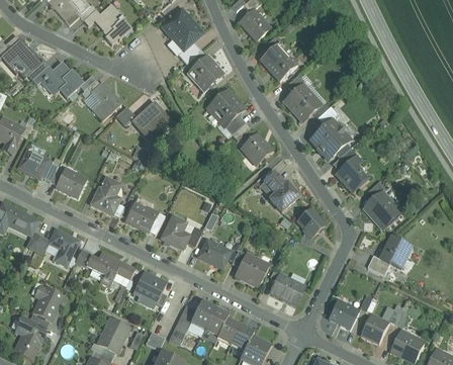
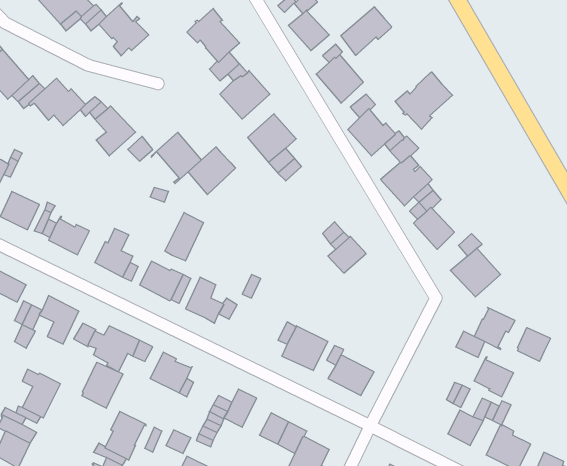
building: none -> [341,7,392,55]
building: none -> [395,72,453,129]
building: none -> [188,147,235,195]
building: [241,133,272,165] -> none
building: none -> [165,212,204,261]
building: [297,208,324,238] -> none
building: [197,240,230,268] -> none
building: none -> [517,328,550,361]
building: none -> [82,362,123,408]
building: [329,299,359,330] -> [474,357,514,397]
building: [203,307,228,336] -> none

